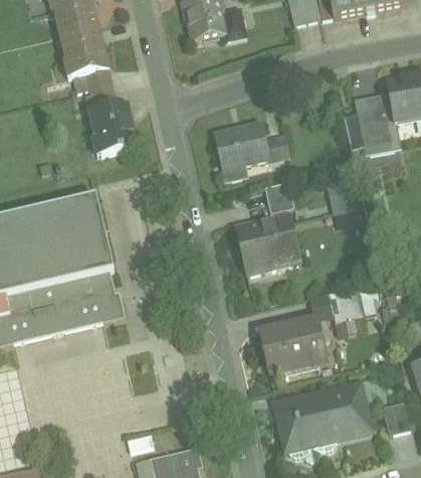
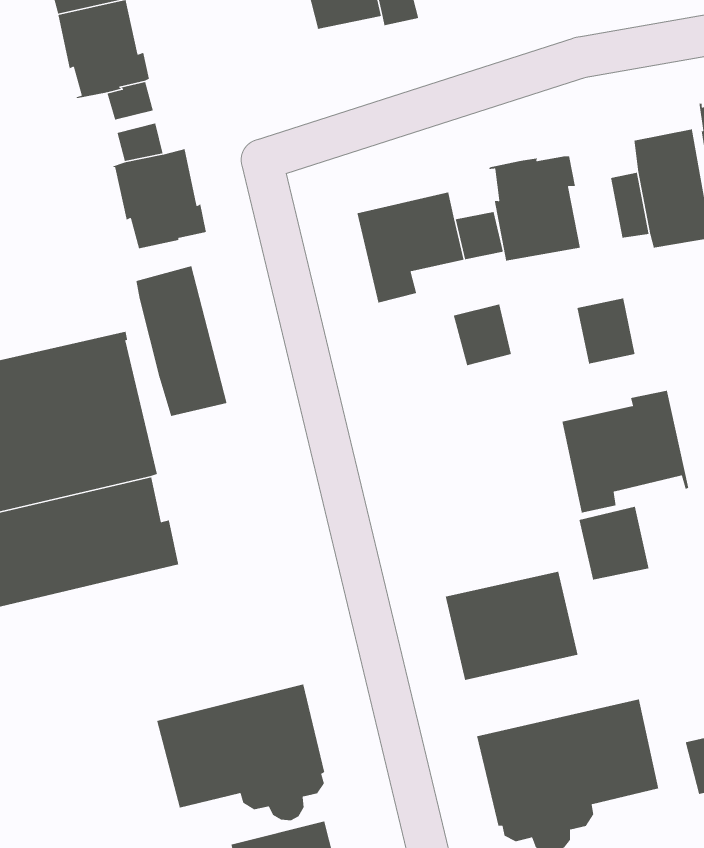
building: none -> [488,155,581,262]
building: none -> [136,265,228,417]
building: [236,213,301,277] -> [561,390,689,514]
building: none -> [156,684,325,821]

